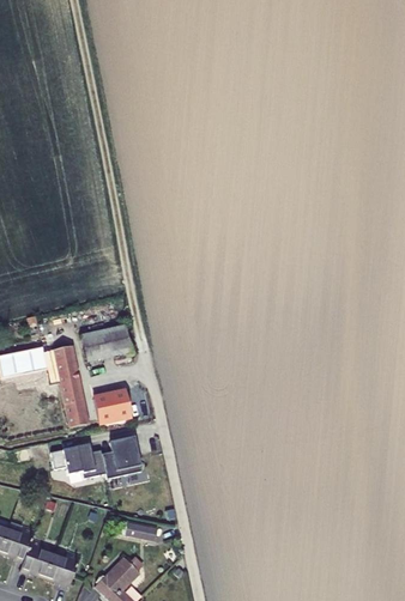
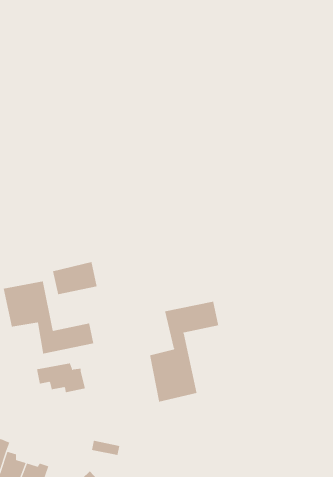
building: none -> [149,301,219,403]
building: [113,433,147,474] -> none

